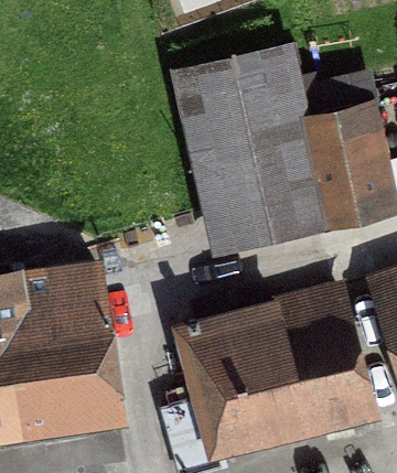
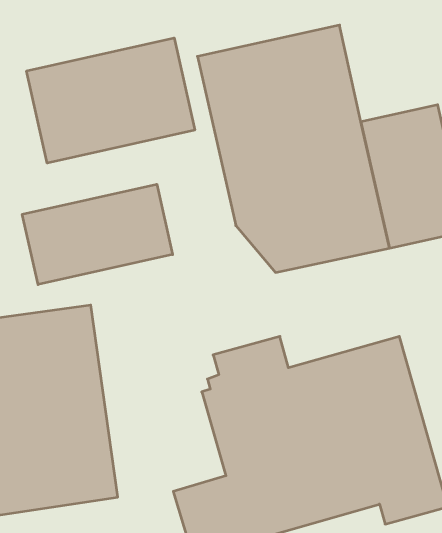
building: none -> [27,38,195,163]
building: none -> [22,184,173,285]

